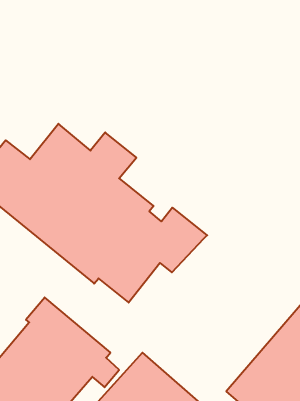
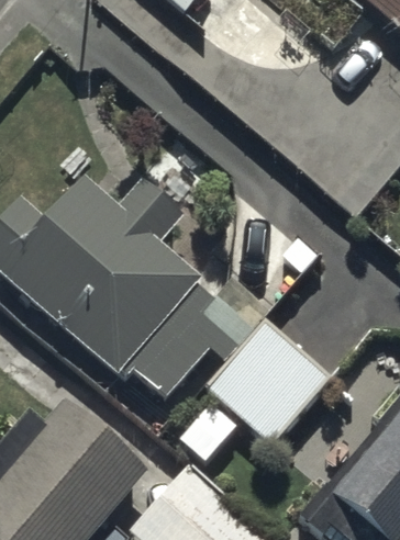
building: none -> [203,320,331,441]

